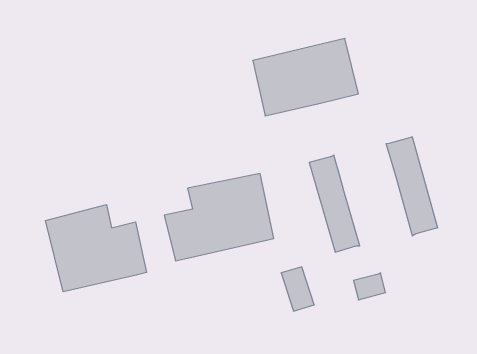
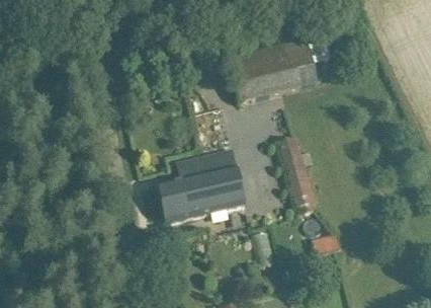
building: [386,137,438,236] -> none
building: [46,205,147,292] -> none

